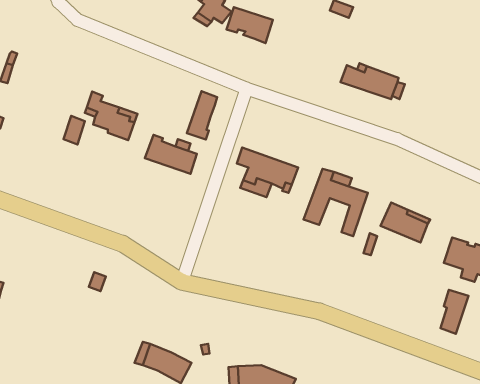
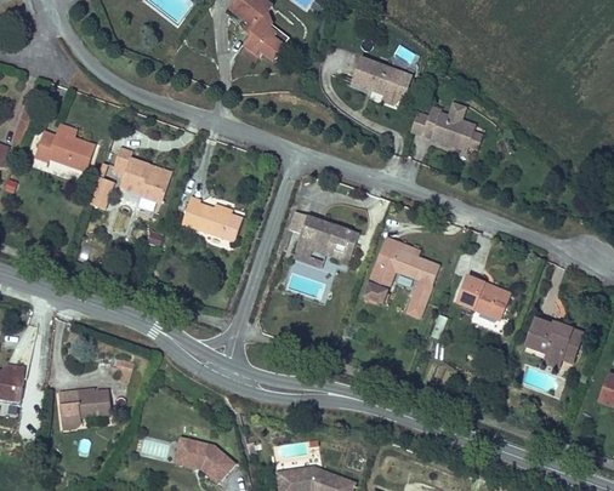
building: [226,7,273,43] -> [348,63,402,104]
building: none -> [36,119,98,165]
building: [187,91,217,139] -> none
building: [441,290,469,334] -> none
building: none -> [62,384,114,428]

